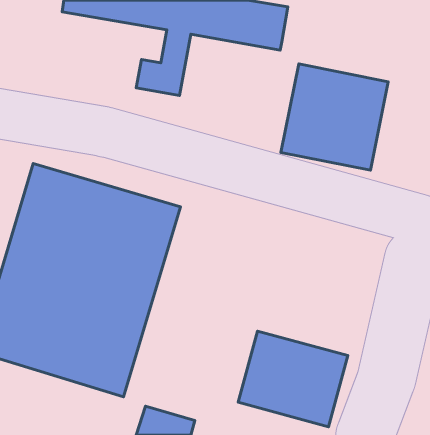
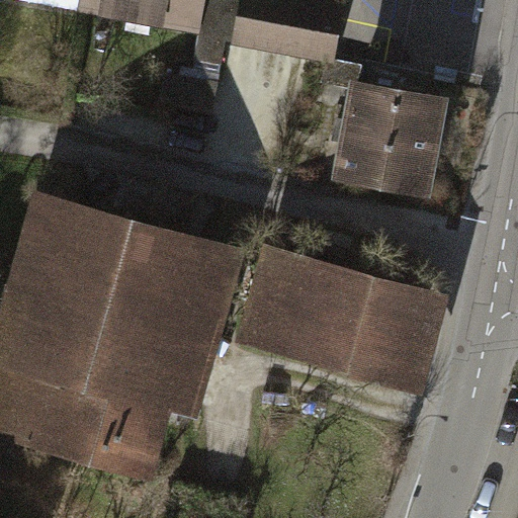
building: none -> [244,251,430,377]
building: [238,331,348,427] -> none

